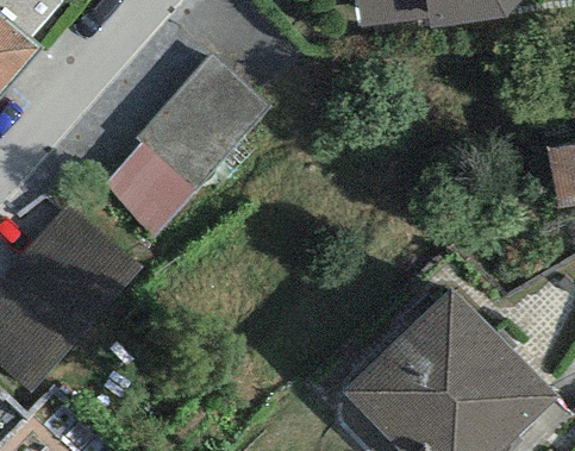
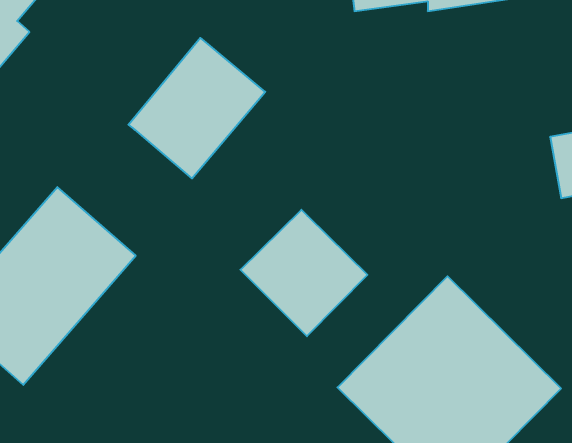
building: [106,143,198,240] -> none
building: none -> [240,210,367,336]

